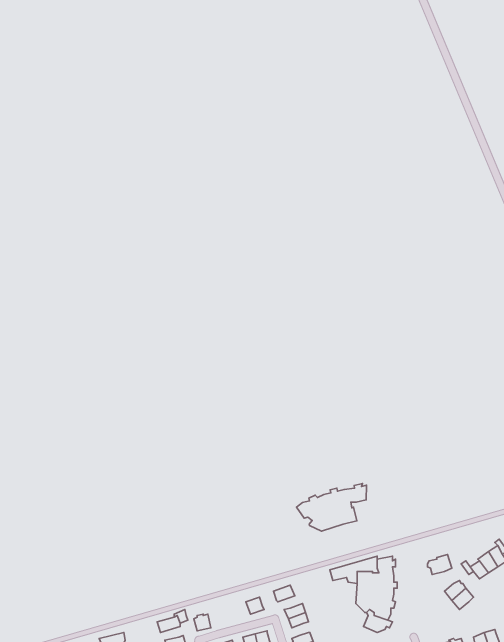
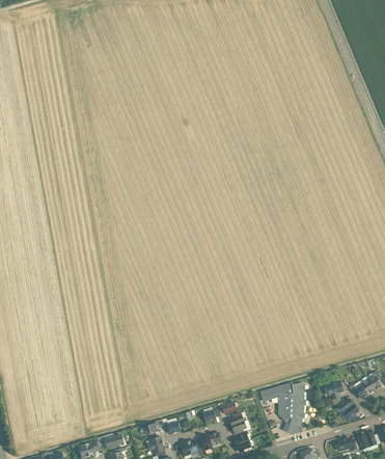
building: [296,483,366,531] -> none

